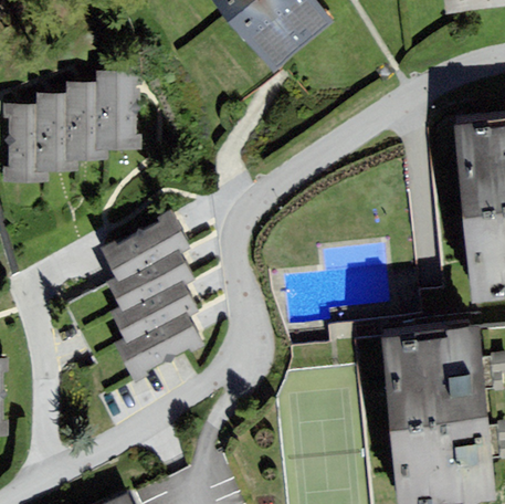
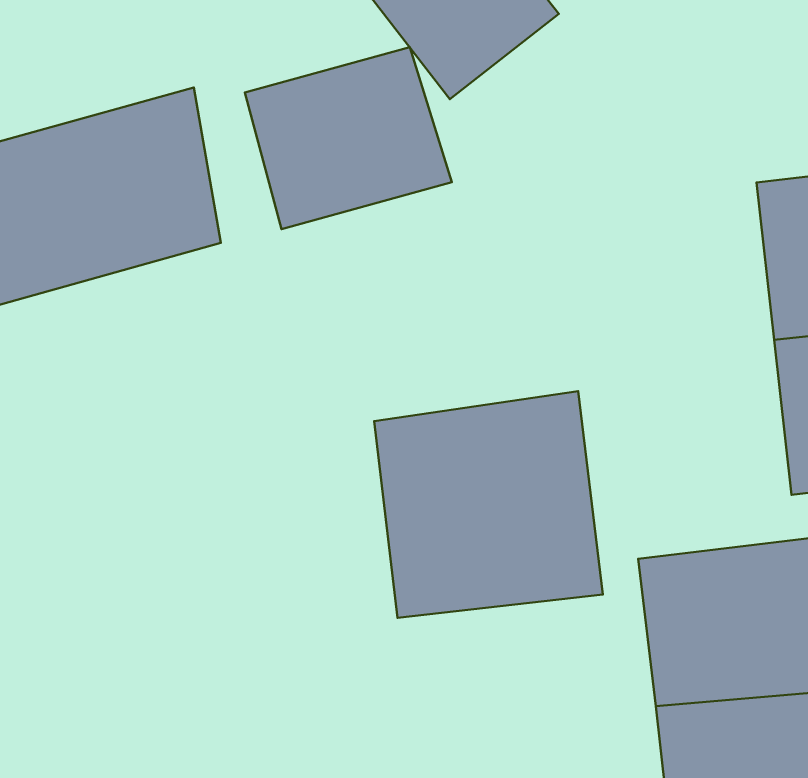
building: none -> [245,47,452,229]
building: [91,216,202,380] -> none
building: none -> [374,391,603,618]

